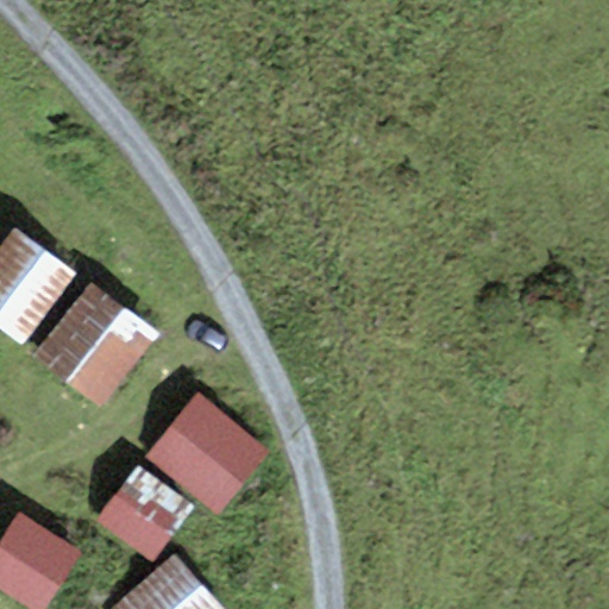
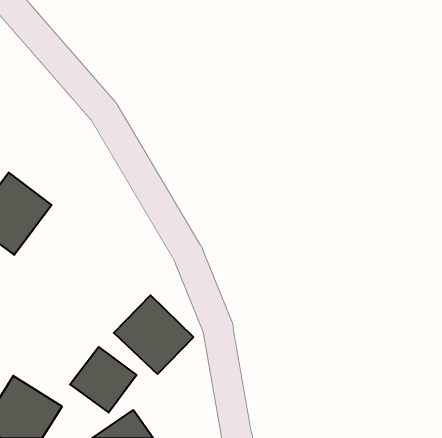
building: [32,284,155,407] -> none

